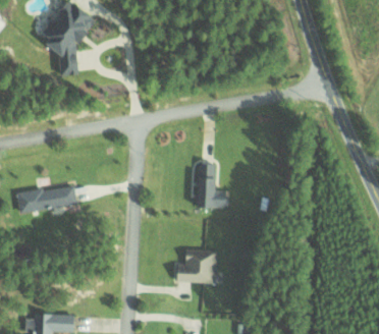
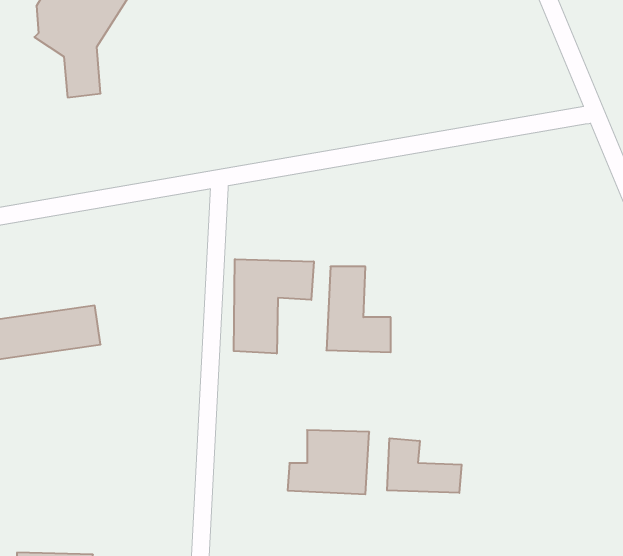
building: none -> [234,259,314,354]
building: none -> [387,438,462,493]

